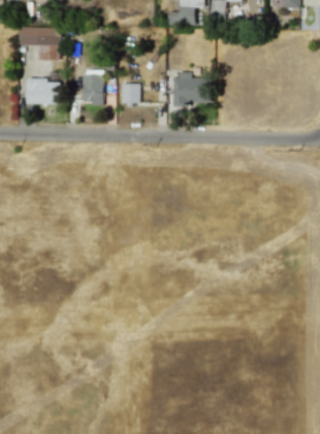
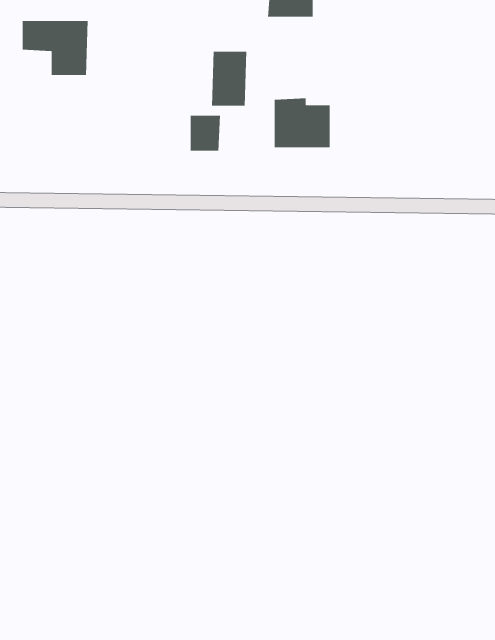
building: [82,70,103,103] -> [211,51,247,106]
building: [25,77,60,104] -> none

